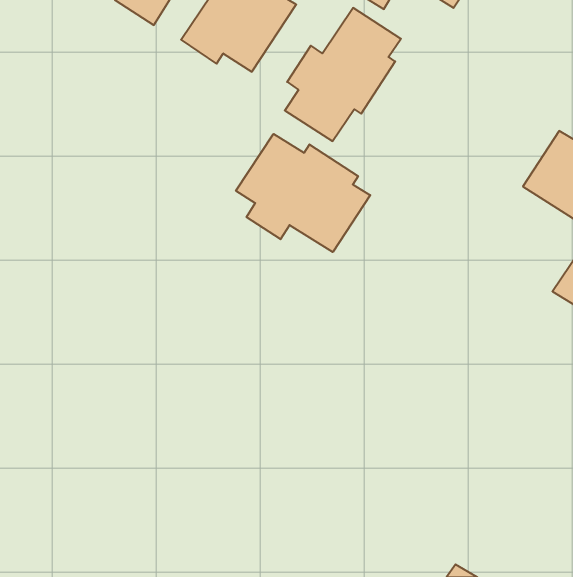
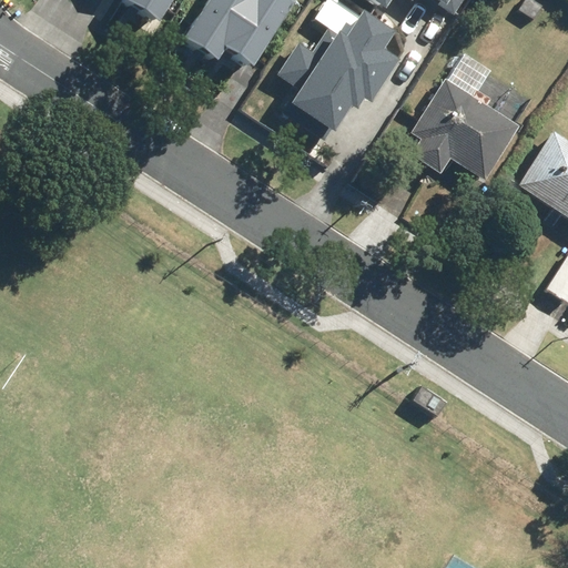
building: none -> [410,50,531,178]
building: [236,134,370,252] -> none

